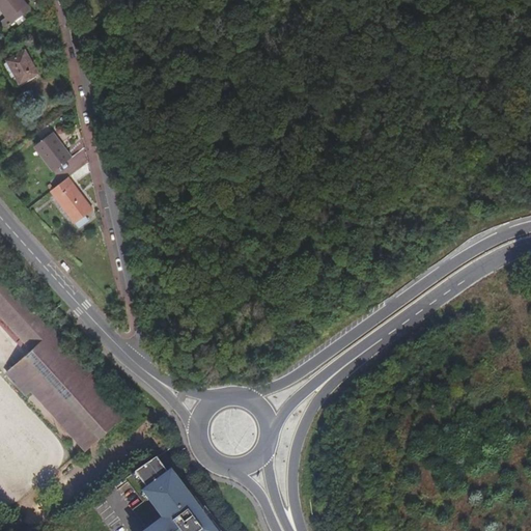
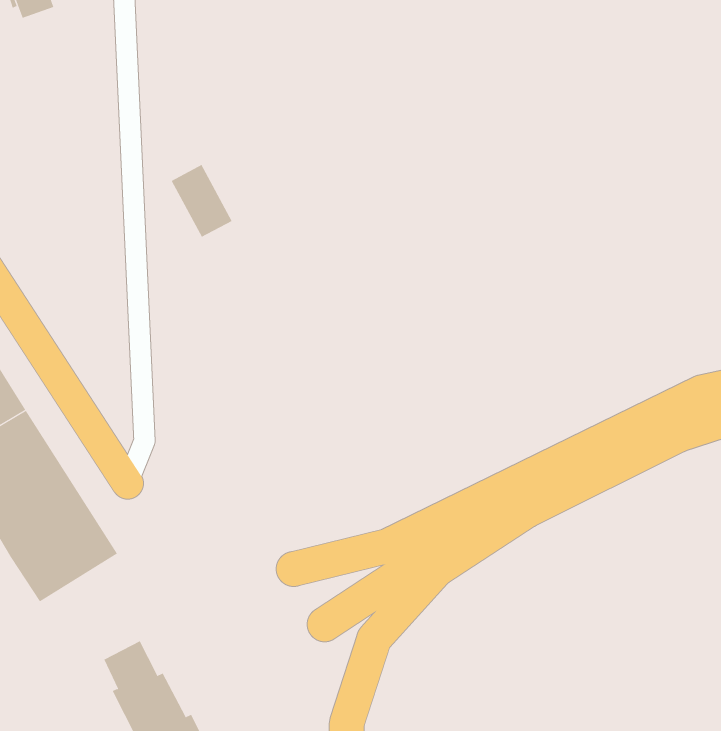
building: [31,134,69,173] -> none
building: [48,179,90,225] -> [171,164,232,238]

